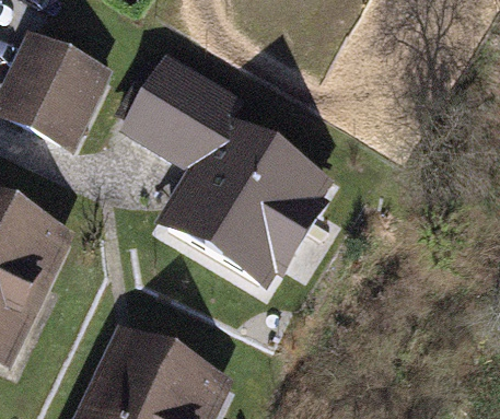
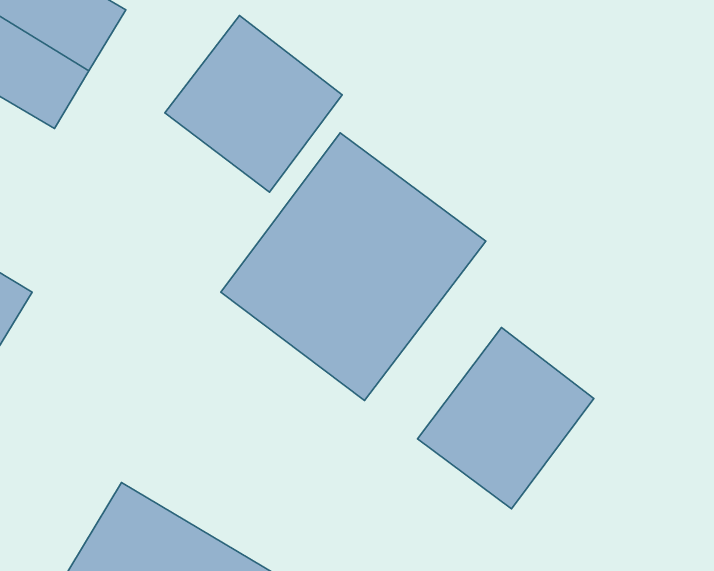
building: none -> [417,327,594,509]

